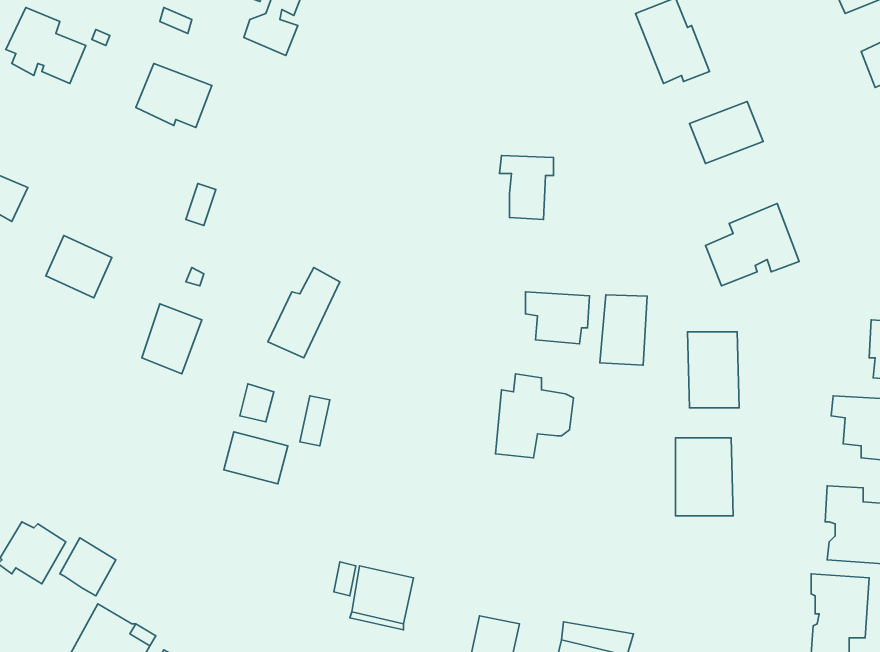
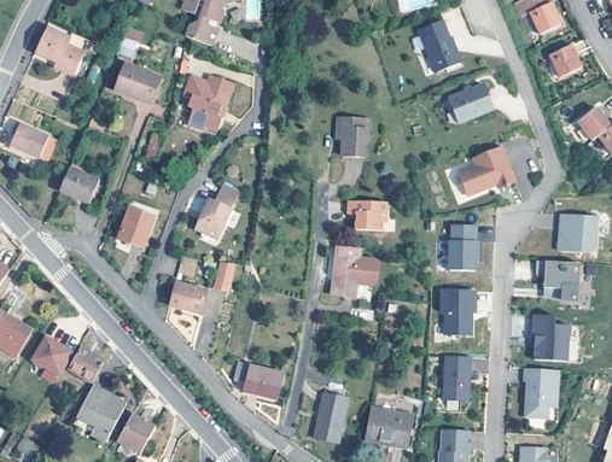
building: none -> [183,72,234,130]
building: [600,295,647,365] -> none
building: none -> [442,355,471,400]

